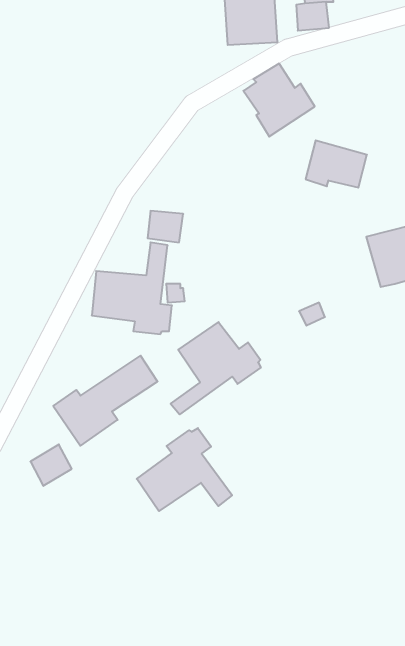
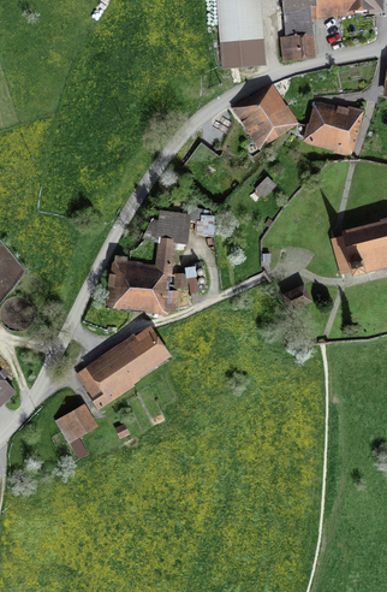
building: [306,140,367,188] -> [309,107,361,147]
building: [171,322,261,414] -> none
building: [137,428,232,511] -> none

